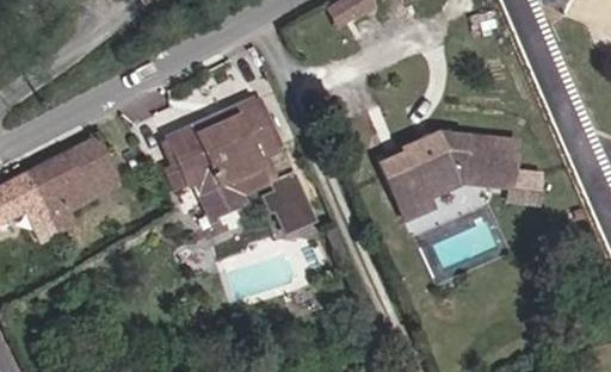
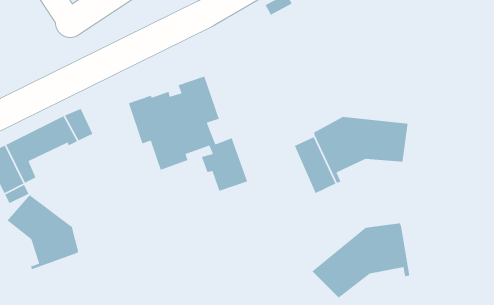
building: none -> [7,194,79,270]
building: none -> [311,223,410,299]

